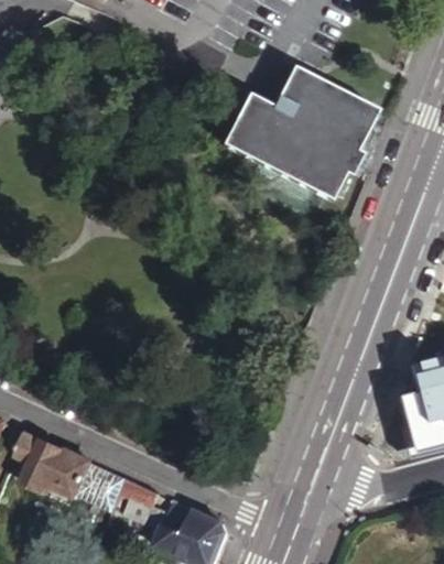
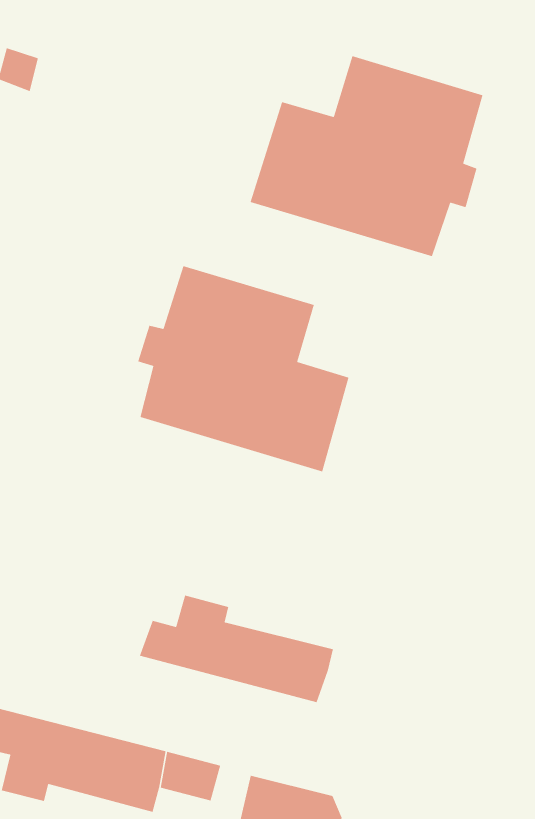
building: none -> [137,265,350,473]
building: none -> [139,594,334,703]

